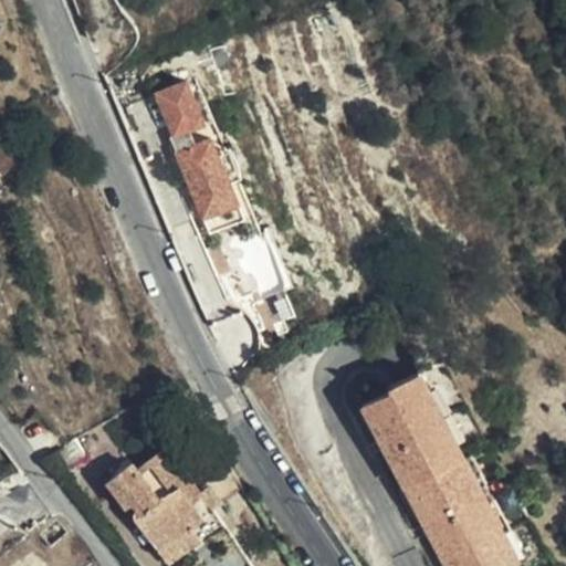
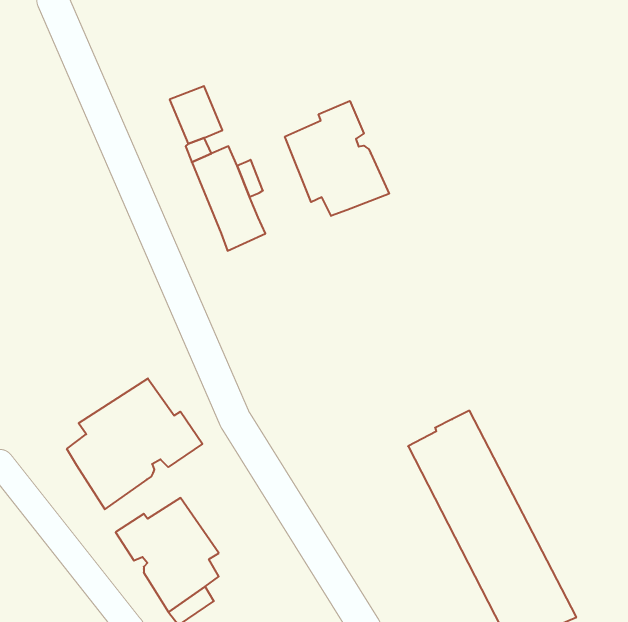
building: none -> [285,101,389,216]
building: none -> [67,378,202,509]

